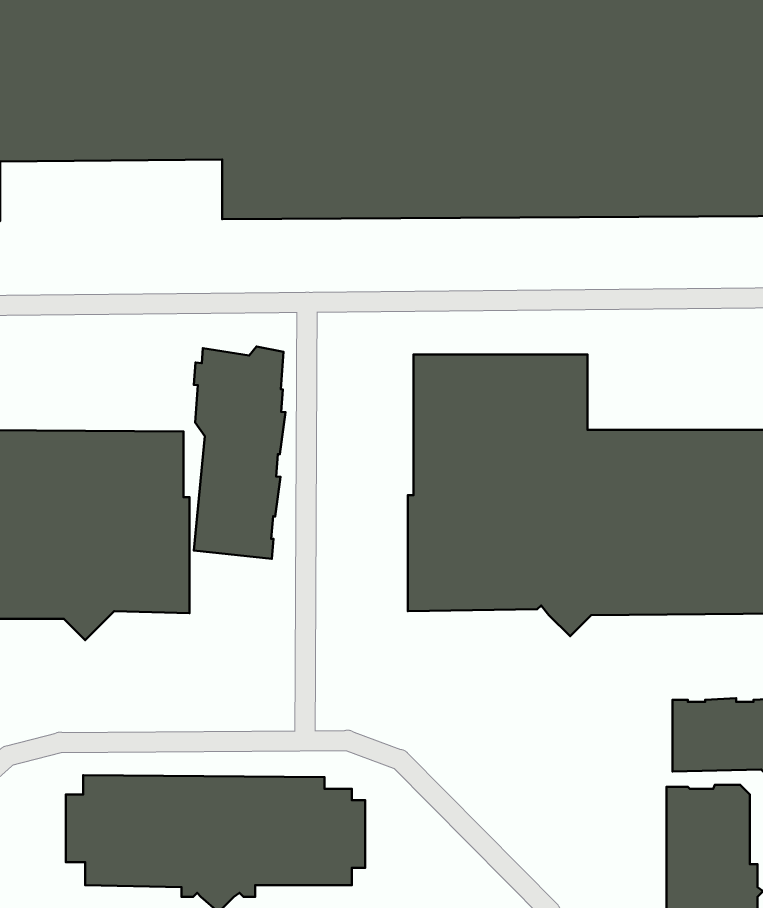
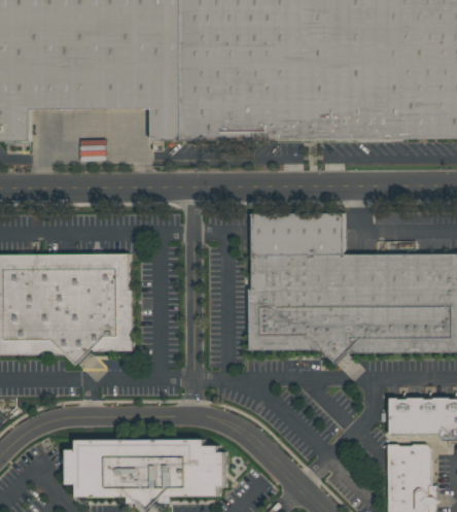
building: [194,346,285,559] -> none

